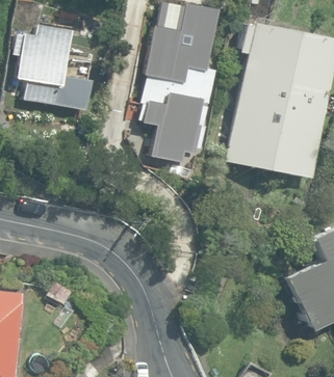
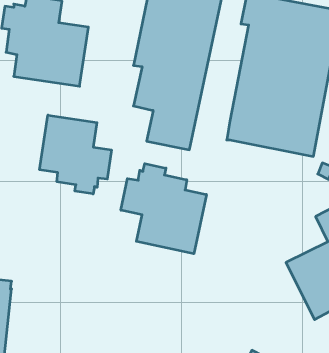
building: none -> [40,115,111,194]
building: none -> [121,164,206,254]

